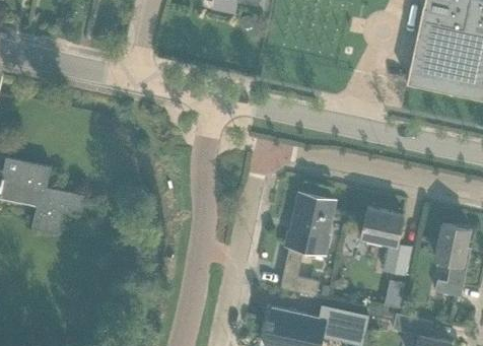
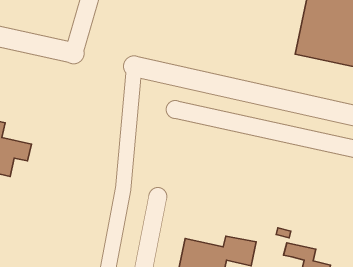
building: [280,194,333,296] -> none
building: [361,208,412,275] -> none
building: [434,224,470,297] -> none

